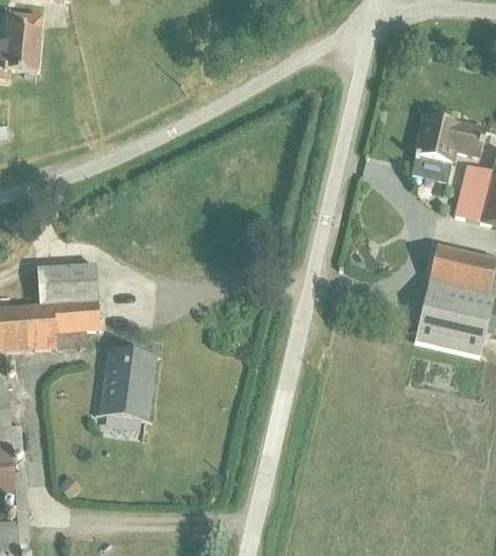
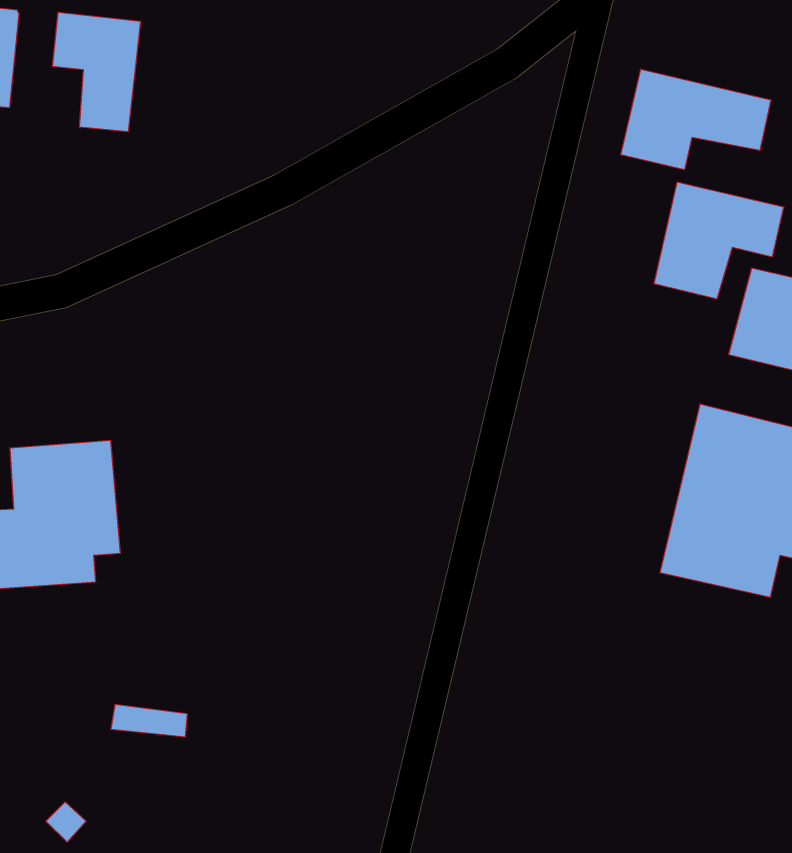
building: none -> [52,12,141,132]
building: none -> [621,69,771,170]
building: [94,347,161,421] -> none

